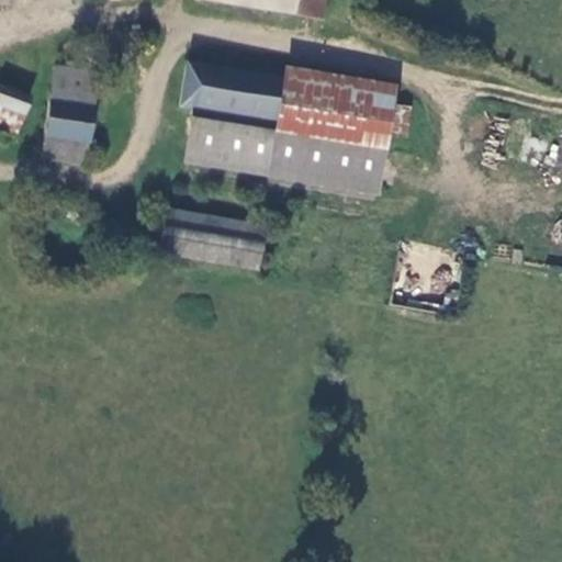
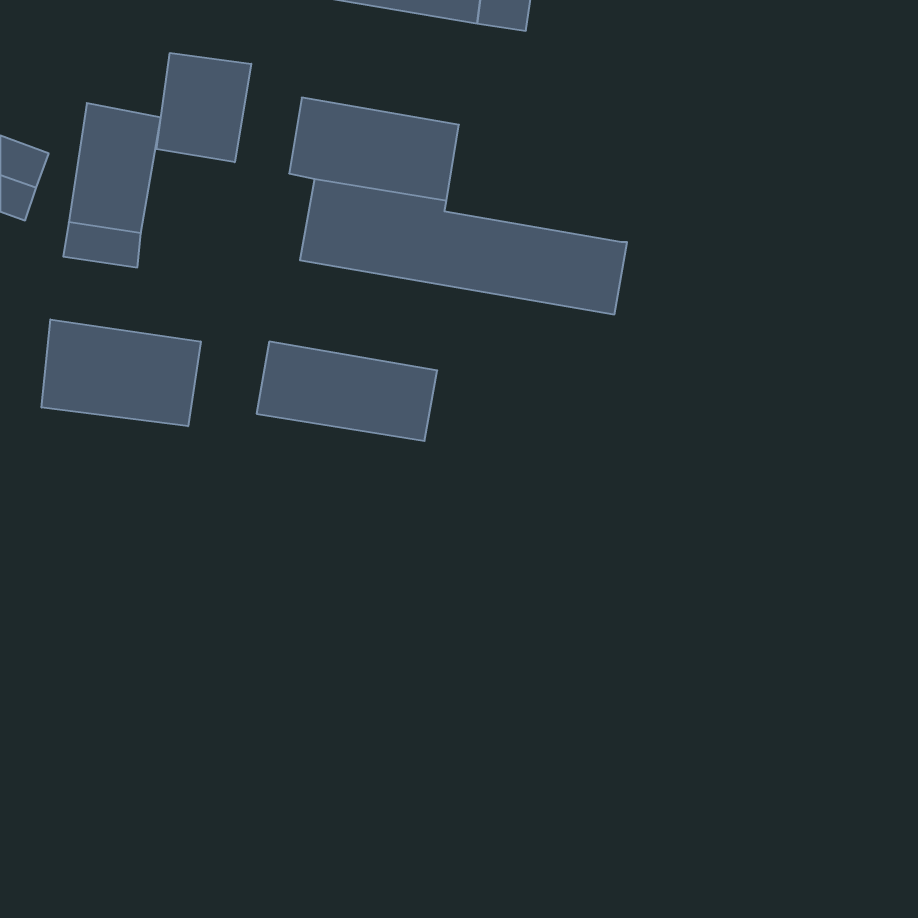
building: none -> [156,53,251,162]
building: [273,68,392,147] -> none
building: none -> [42,319,201,426]

